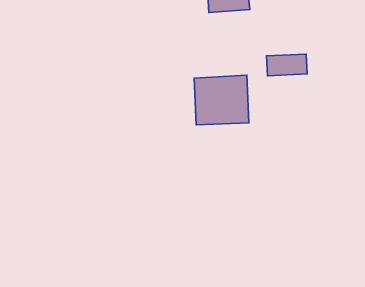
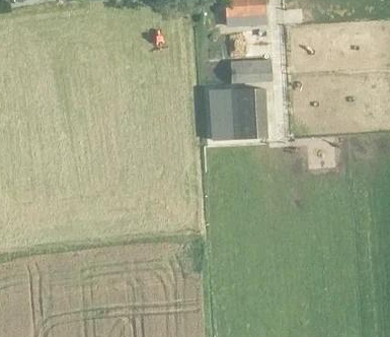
building: [266,54,307,76] -> [230,59,271,81]

